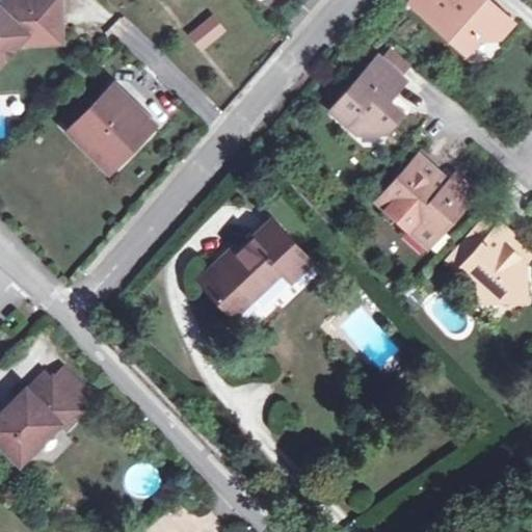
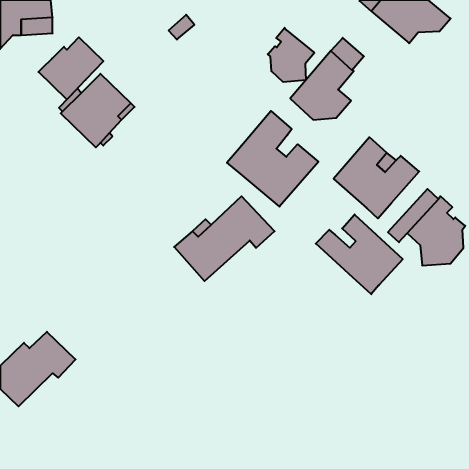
building: none -> [268,28,314,82]
building: none -> [38,37,103,100]
building: none -> [227,111,318,207]
building: none -> [316,214,403,294]

